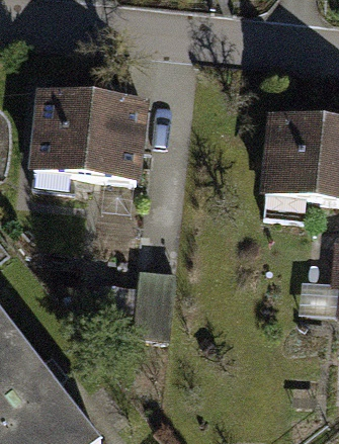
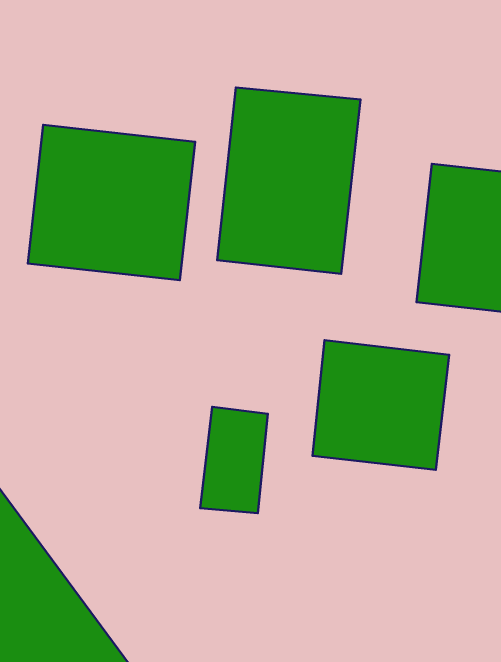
building: none -> [217,88,360,274]
building: none -> [312,340,449,470]

